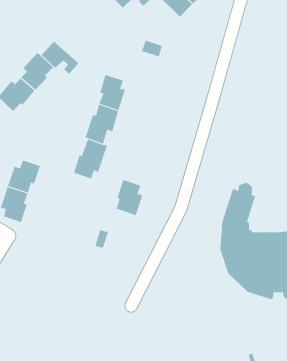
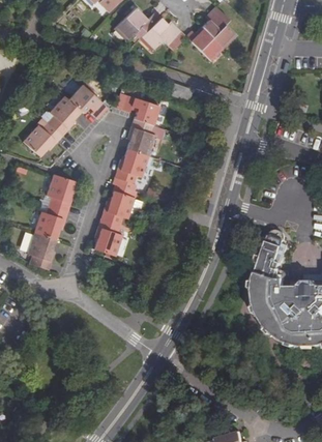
building: none -> [115,94,158,125]
building: none -> [46,175,75,212]
building: [116,179,143,216] -> [93,219,121,257]

